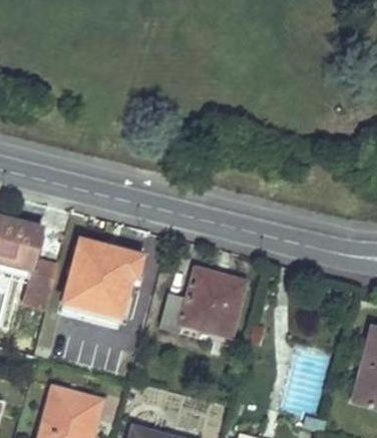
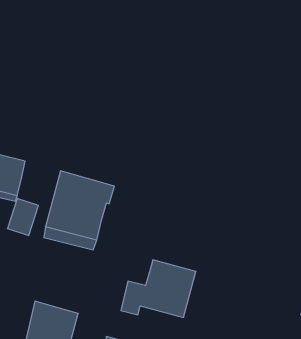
building: [160,269,246,334] -> [121,260,196,317]

